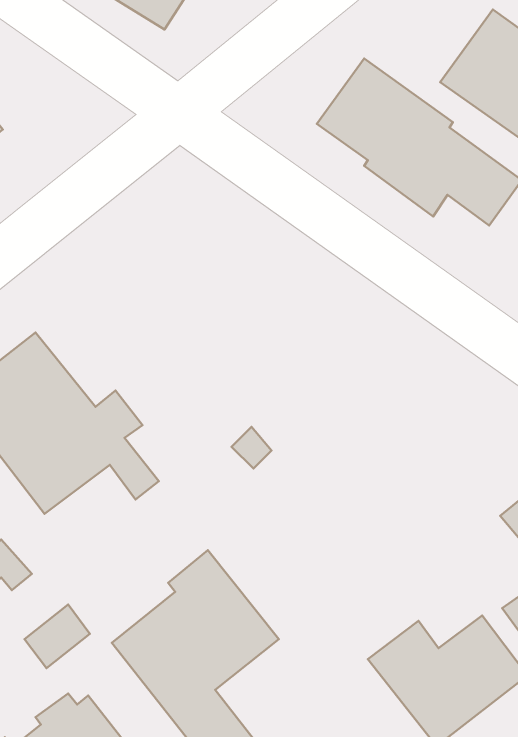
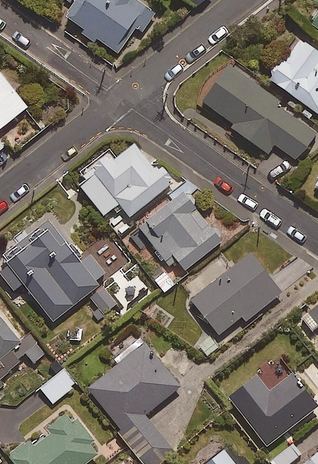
building: none -> [77,143,172,235]
building: none -> [139,189,225,265]
building: none -> [191,252,281,334]

